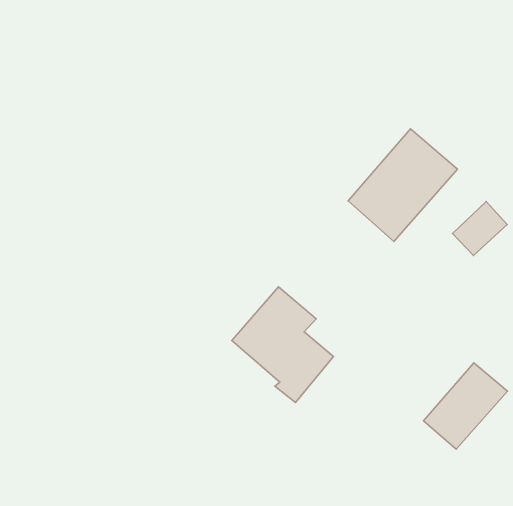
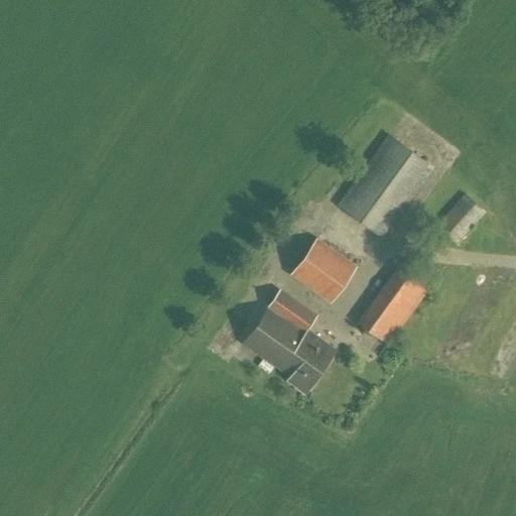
building: none -> [290,238,357,302]
building: [424,363,508,449] -> [357,264,431,345]

